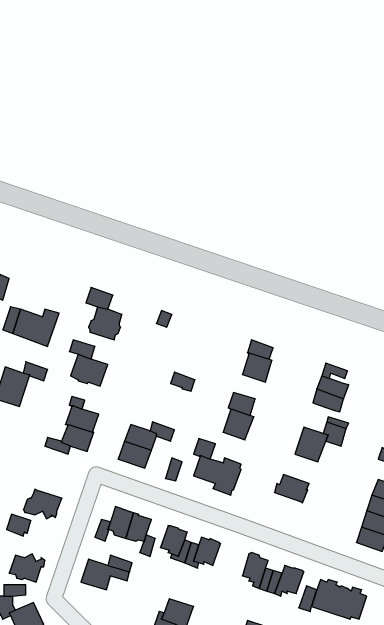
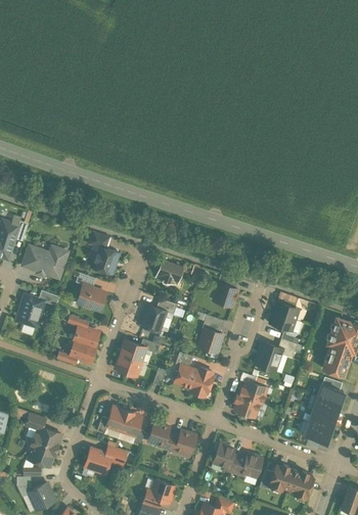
building: none -> [155,261,182,286]
building: none -> [141,306,166,332]
building: [23,489,62,519] -> [31,427,61,451]
building: none -> [234,395,260,418]

